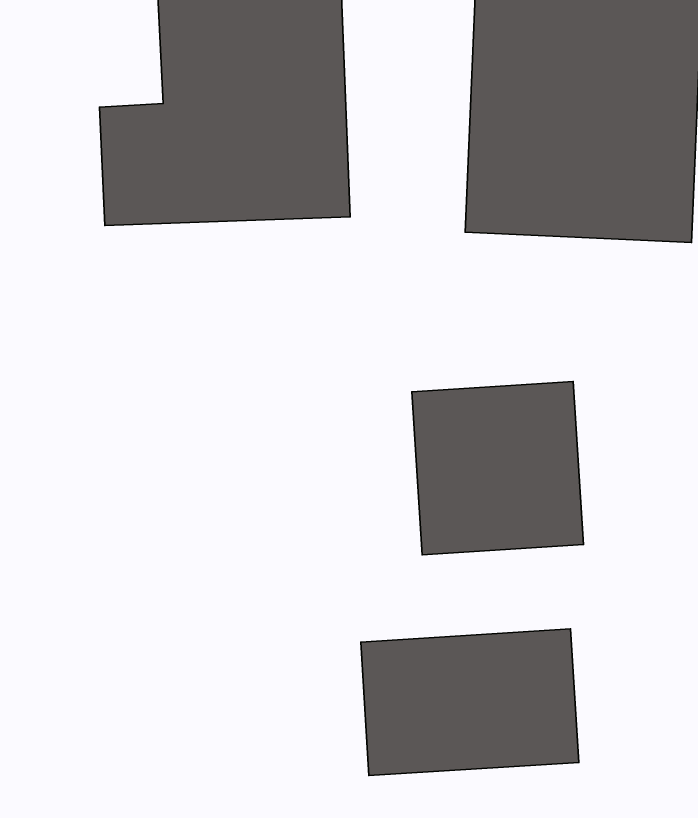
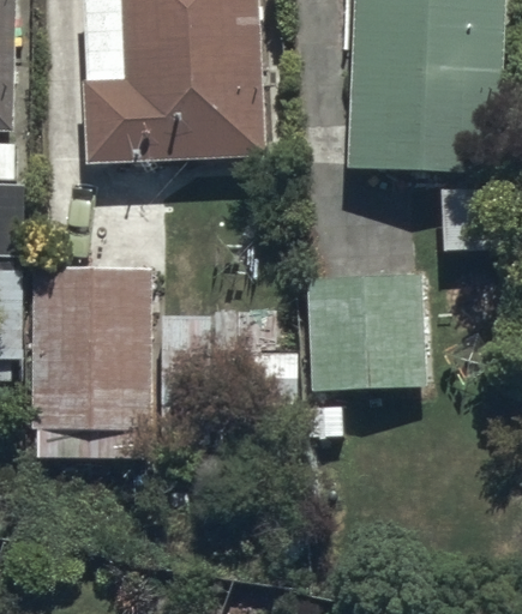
building: none -> [35,260,151,456]
building: [361,629,579,776] -> none

